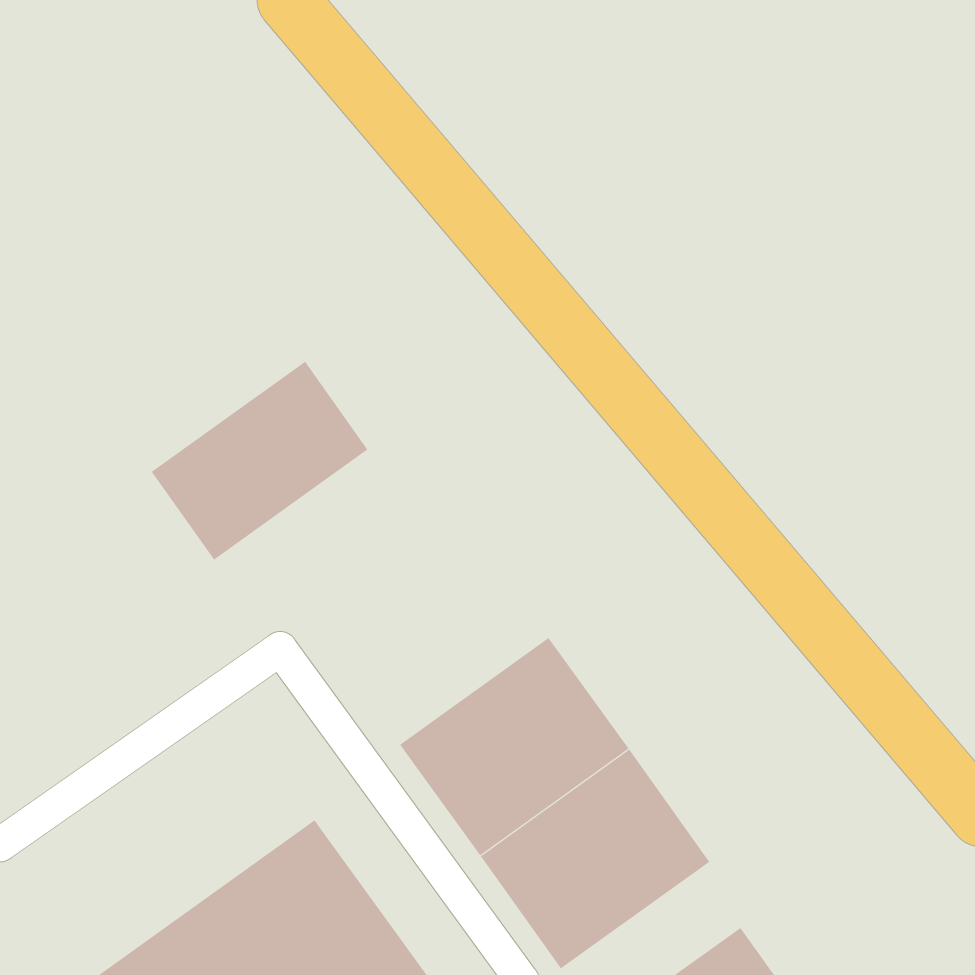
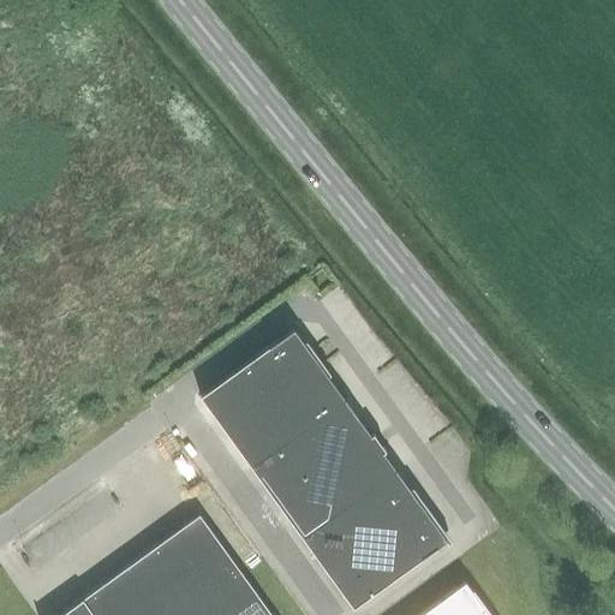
building: [151,361,368,561] -> none
building: none -> [202,332,347,470]

